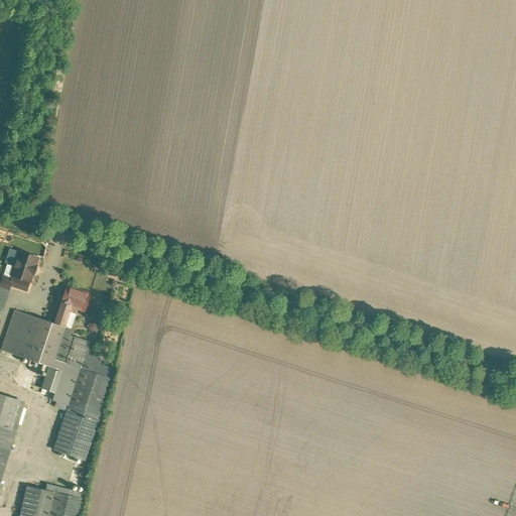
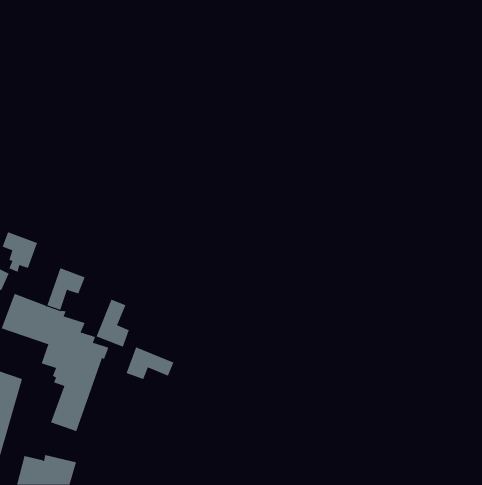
building: none -> [96,299,130,347]
building: none -> [126,347,174,380]

